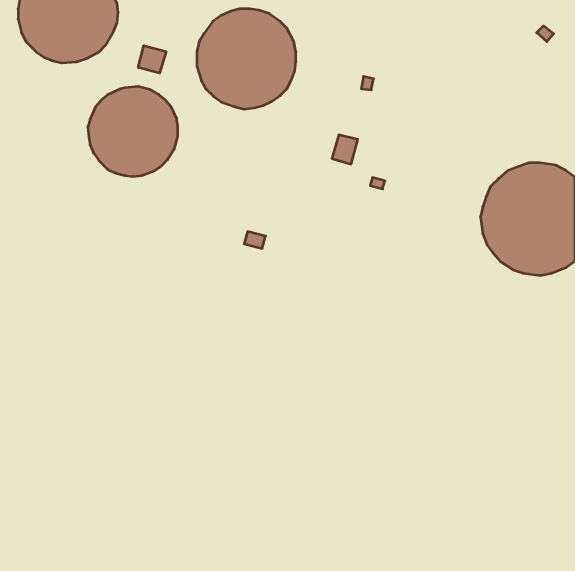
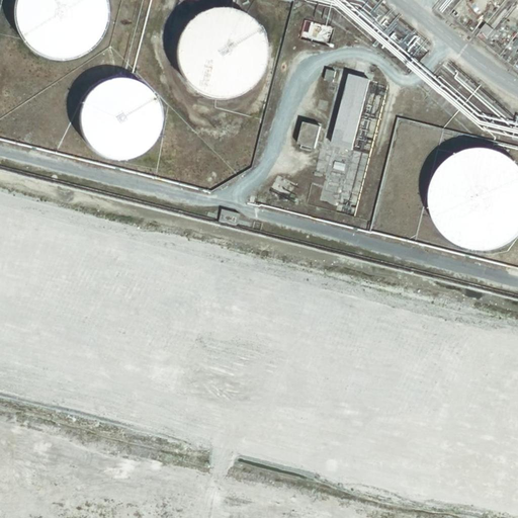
building: [138,46,166,73] -> none
building: none -> [333,74,369,149]

